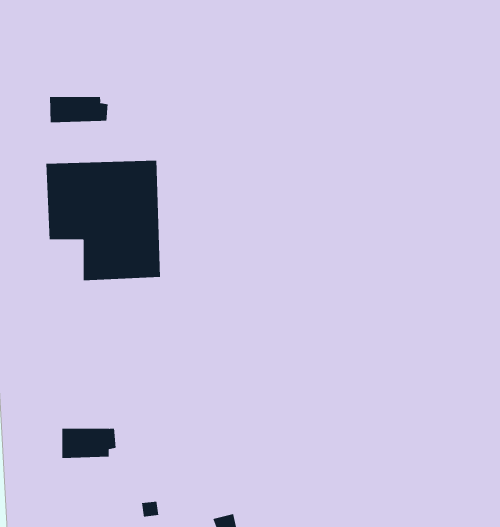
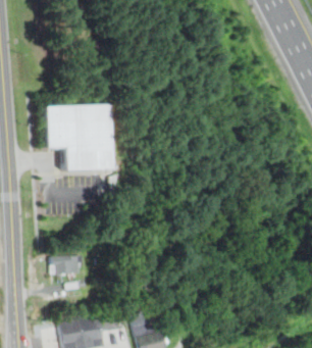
building: [49,96,108,123] -> none

